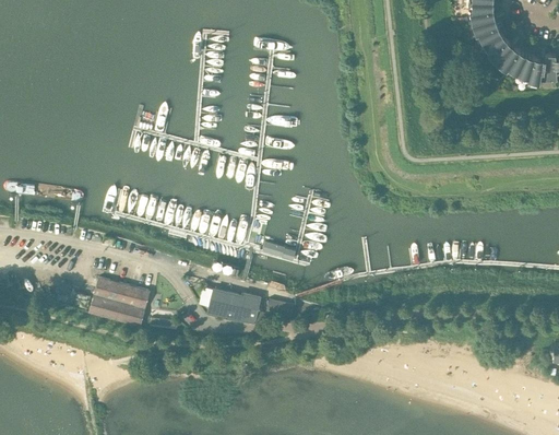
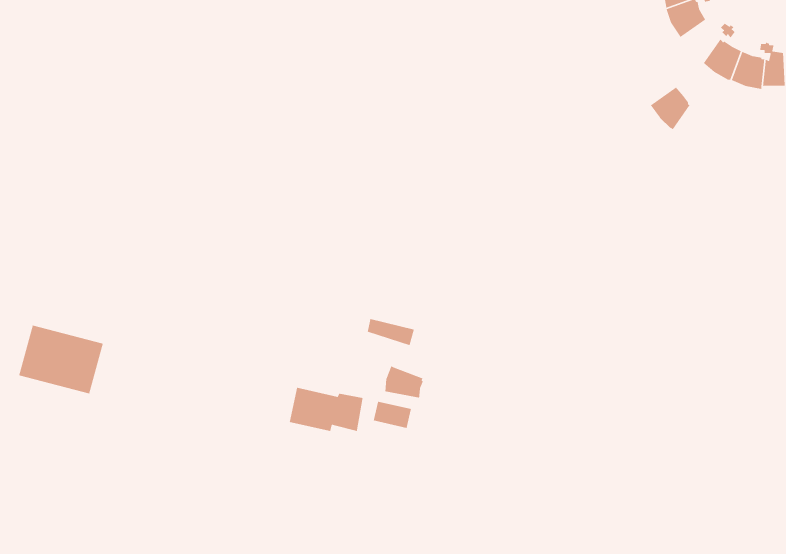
building: [483,33,511,63] -> [650,87,690,130]
building: none -> [385,365,424,398]
building: [90,279,150,328] -> [18,324,104,394]

